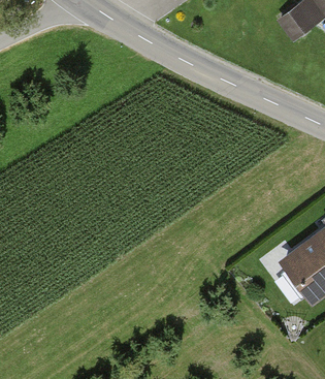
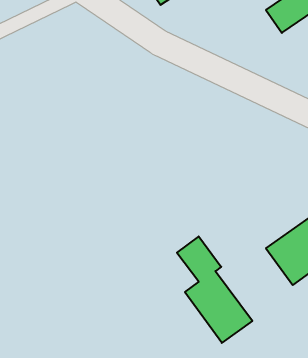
building: none -> [177,236,252,343]

